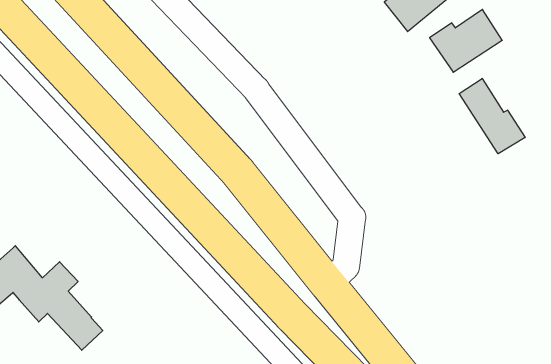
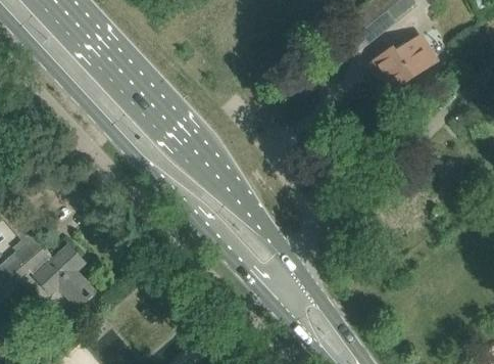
building: [459,78,525,154] -> none

